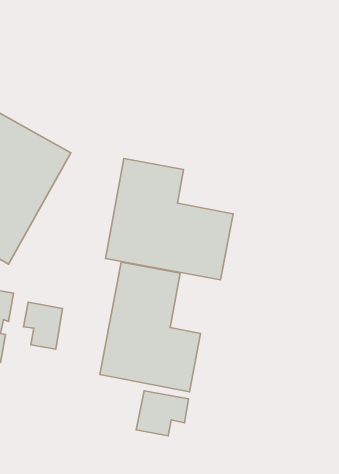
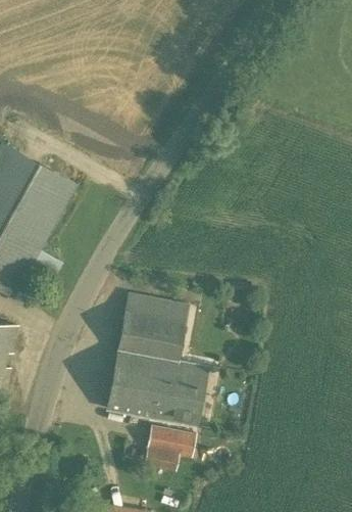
building: [105,158,233,280] -> none
building: [23,302,63,349] -> none

